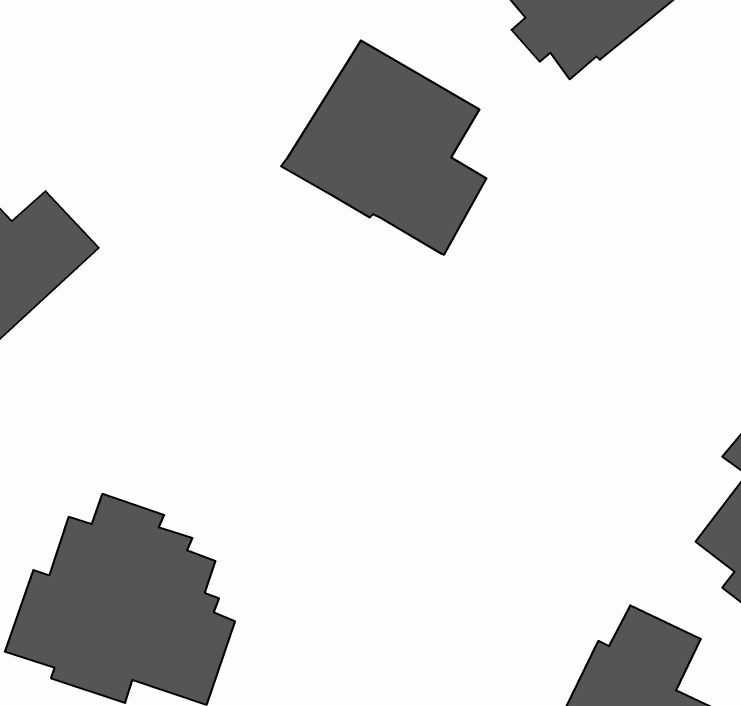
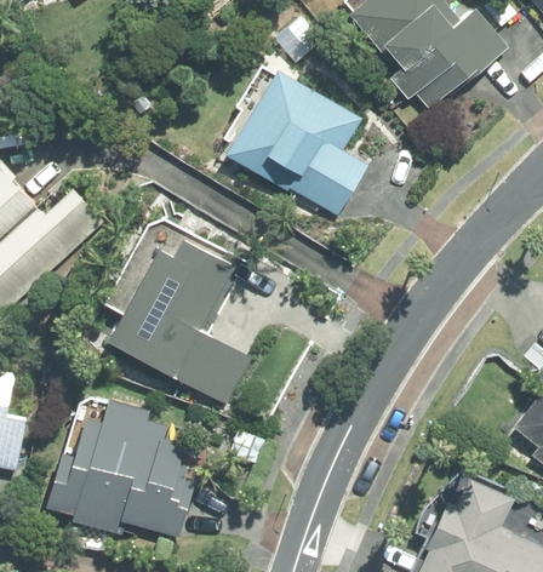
building: none -> [107,231,255,406]

